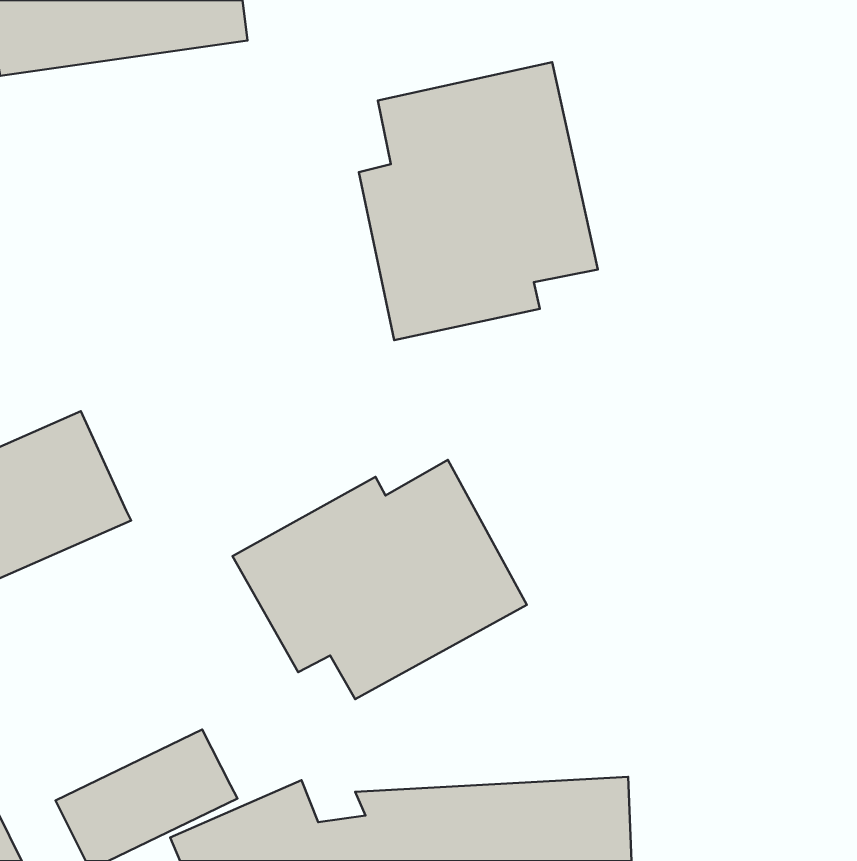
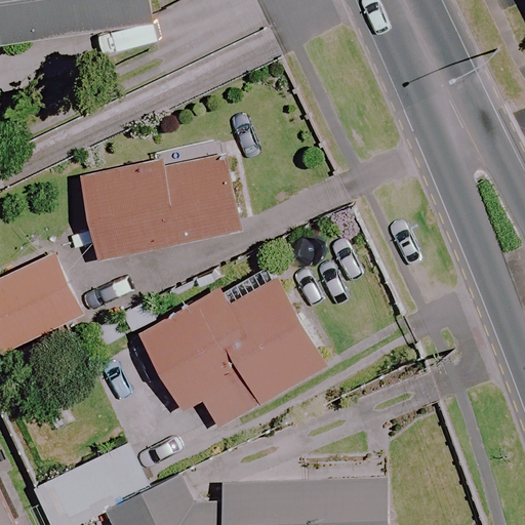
building: [359,62,598,340] -> none
building: none -> [80,148,238,260]

